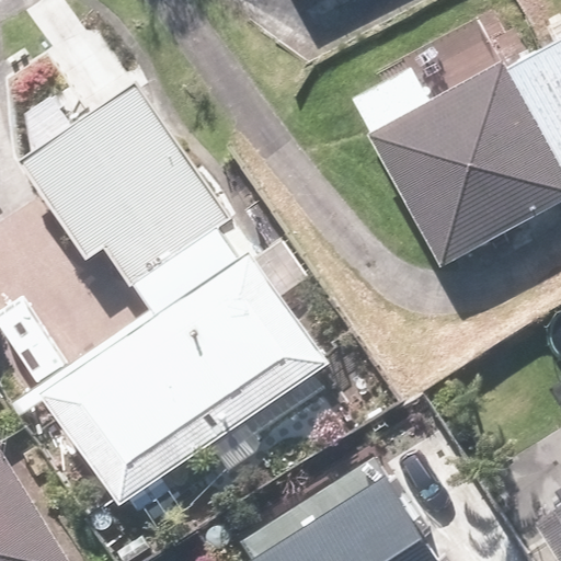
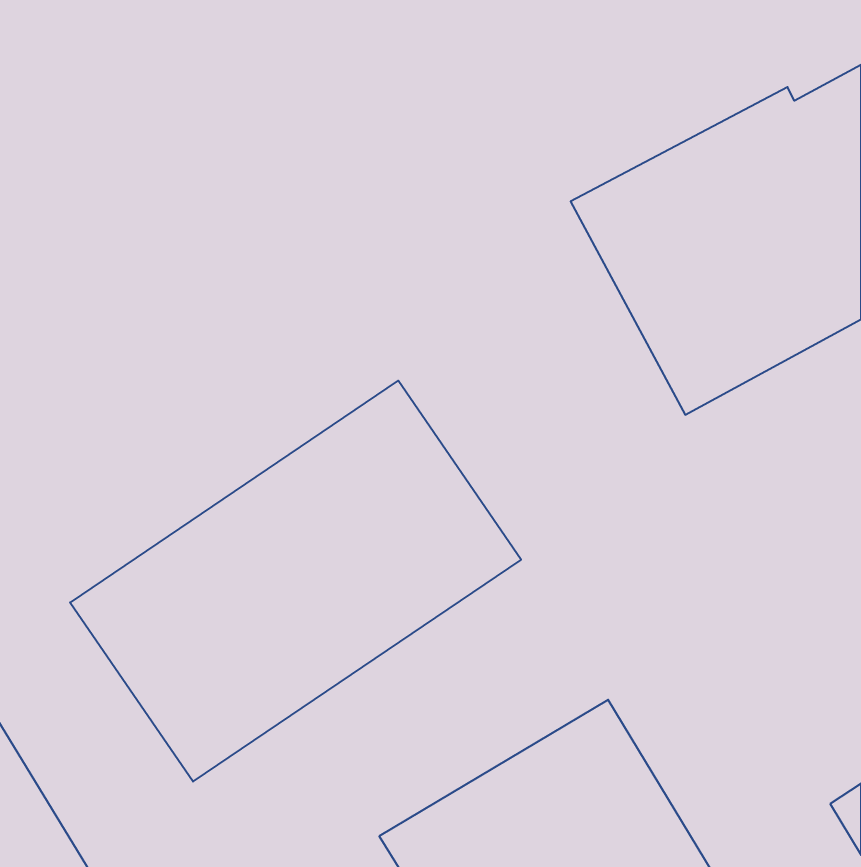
building: [18,80,231,287] -> none

